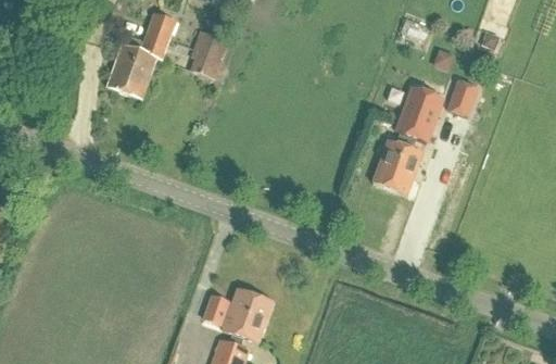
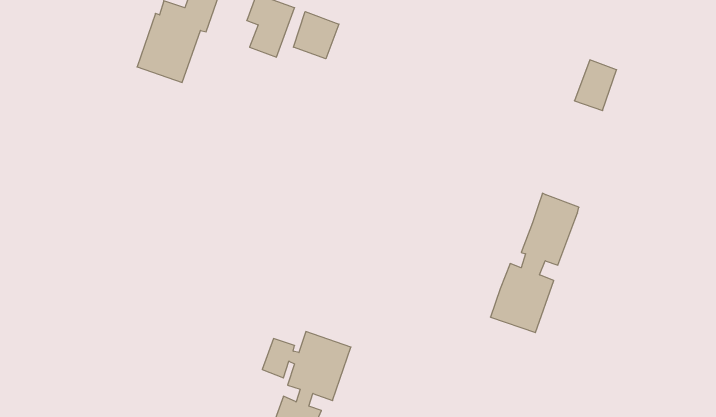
building: none -> [293,12,339,59]
building: [372,85,441,192] -> [490,193,579,333]

